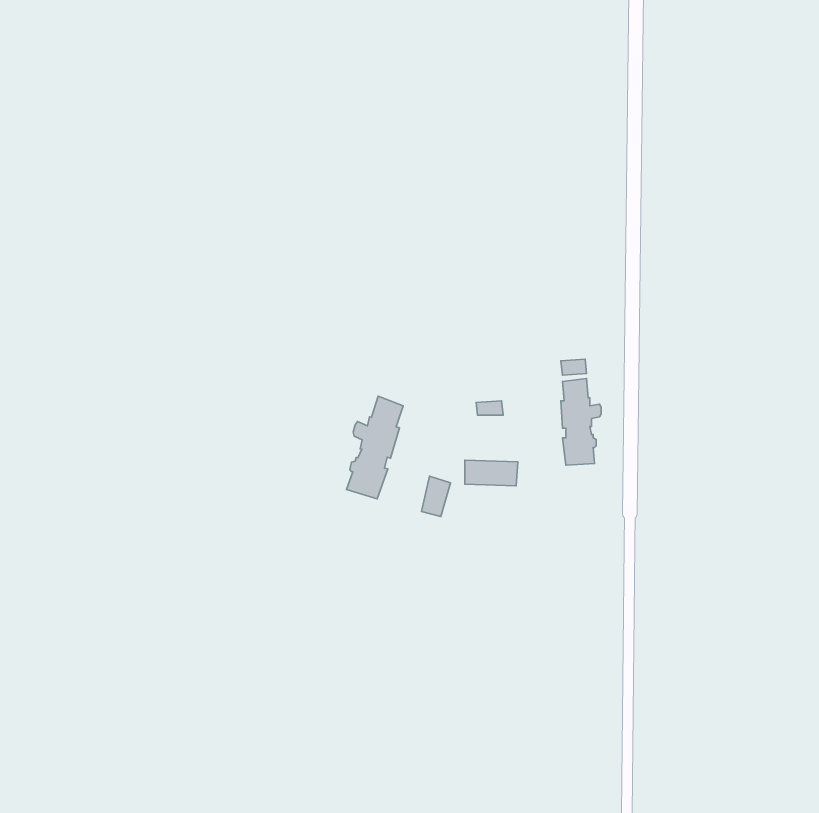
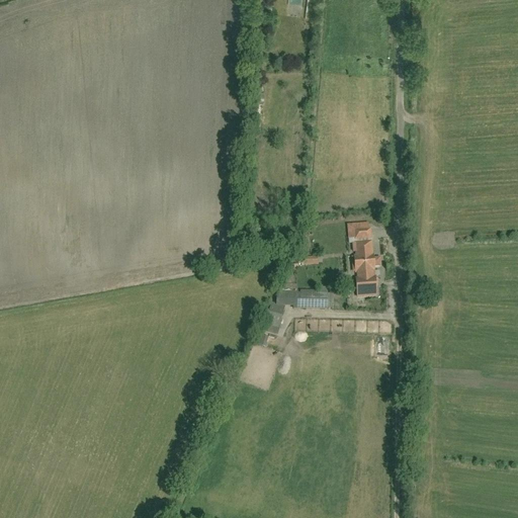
building: [347,396,403,499] -> none

